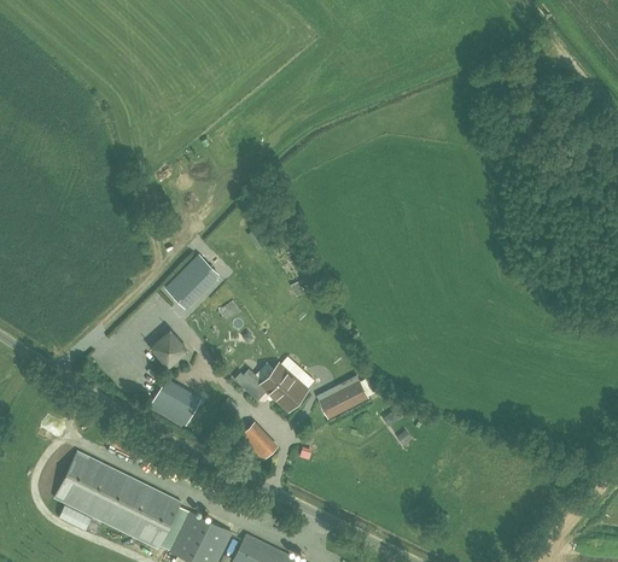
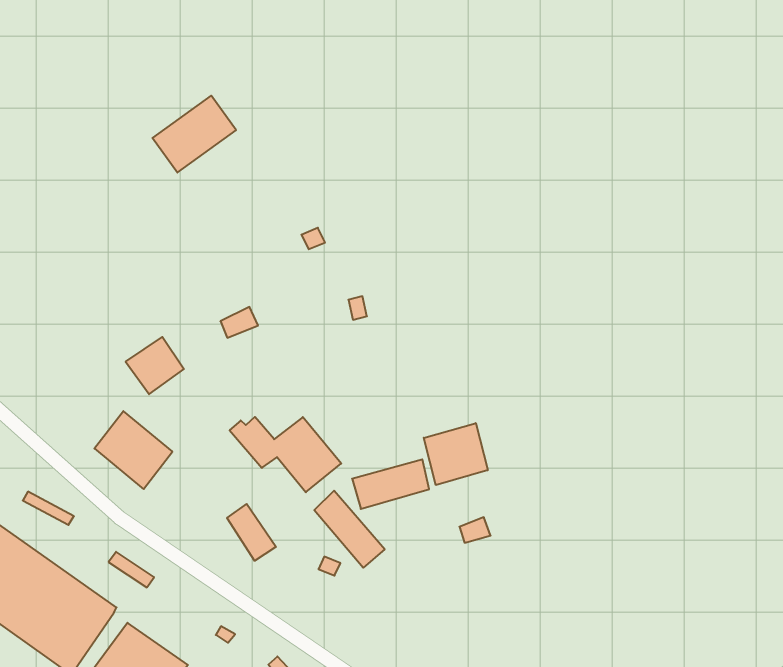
building: [167,256,218,308] -> [152,96,236,173]
building: none -> [424,423,488,485]
building: none -> [314,491,385,568]

